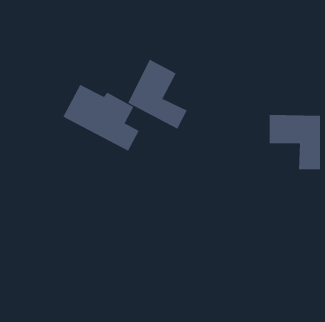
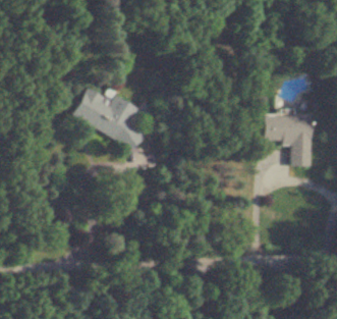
building: [128,59,188,129] -> none

